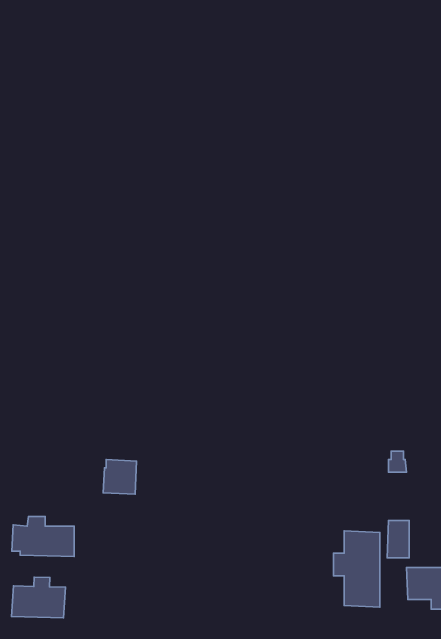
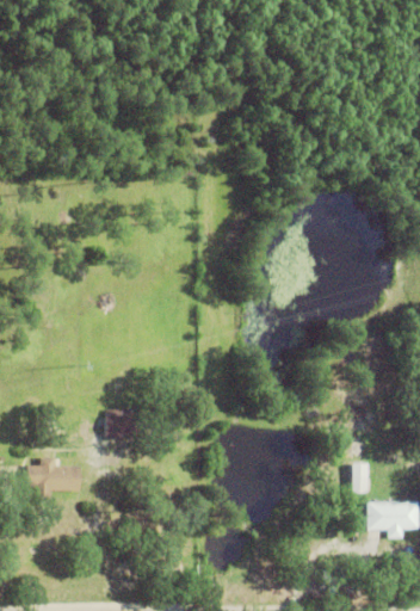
building: [334,531,380,607] -> none
building: [11,577,65,618] -> none

